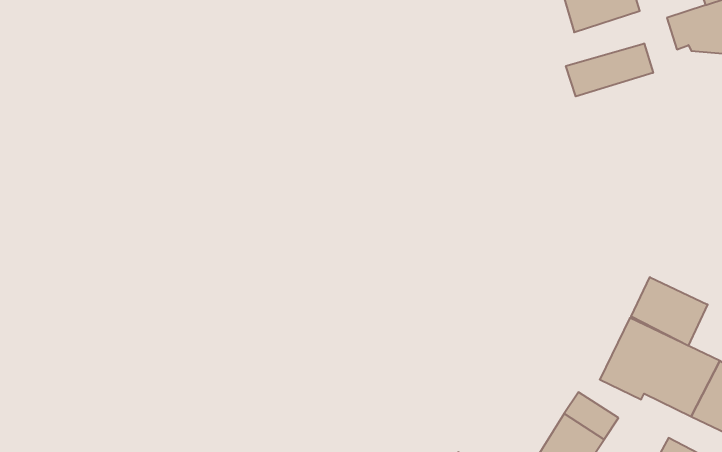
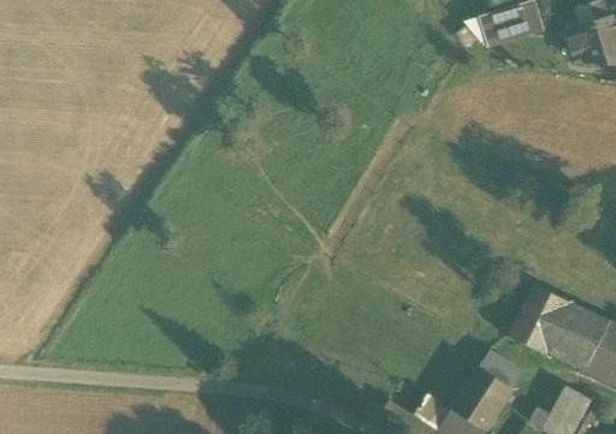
building: [566,43,653,96] -> none
building: [631,277,708,346] -> none

